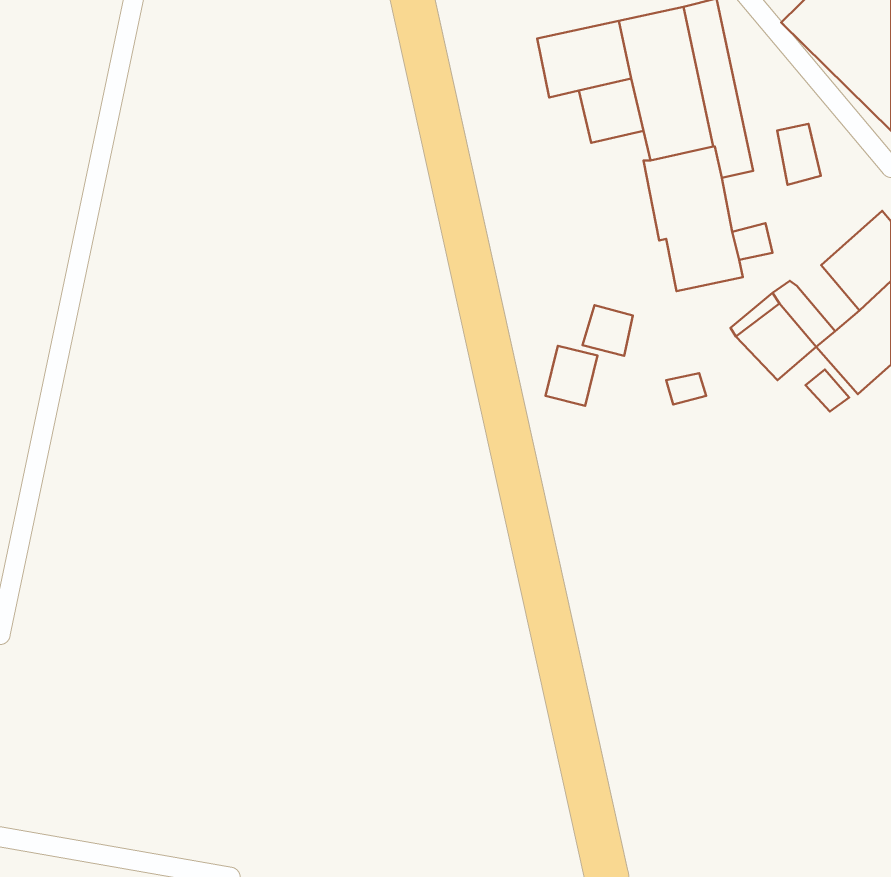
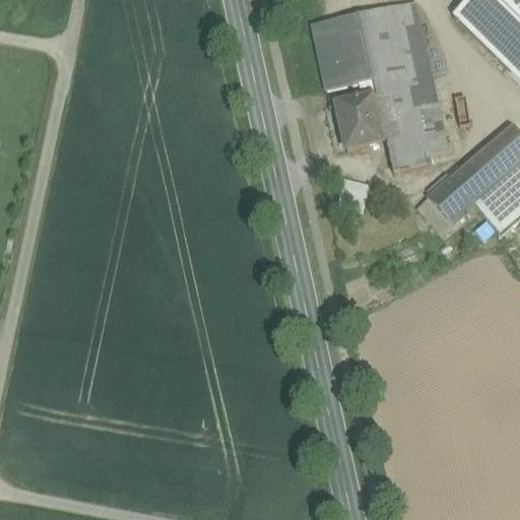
building: none -> [320,53,344,86]
building: [777,124,821,185] -> [420,100,446,135]
building: none -> [338,93,384,147]
building: none -> [464,154,501,193]
building: [545,346,598,406] -> none

